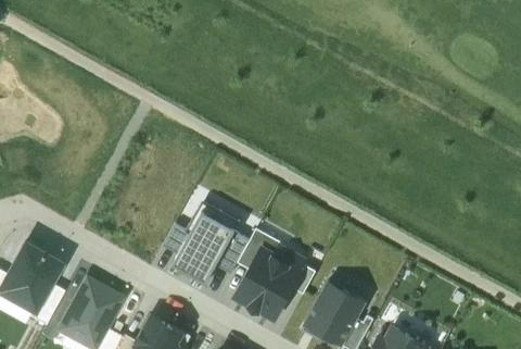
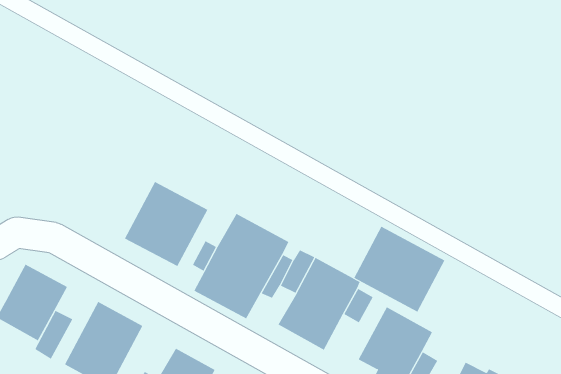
building: none -> [124,181,208,267]
building: none -> [354,226,445,312]

